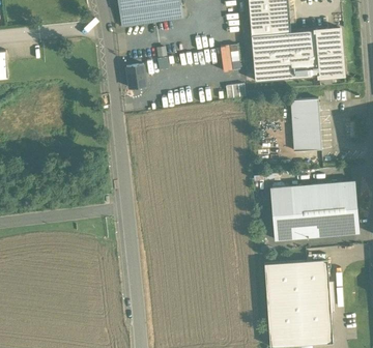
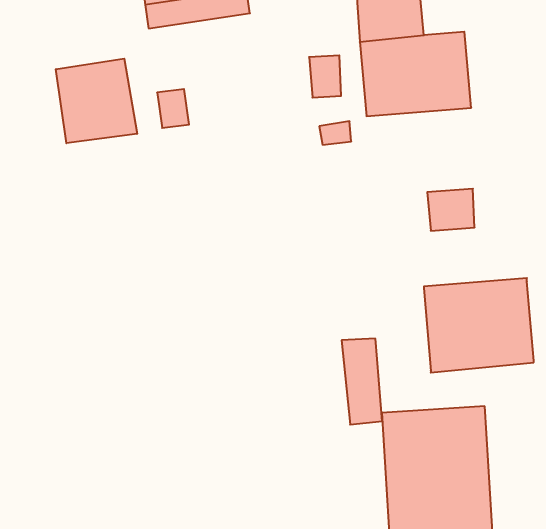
building: [315,27,343,76] -> none
building: none -> [56,59,137,143]
building: [291,98,320,127] -> none
building: [269,186,294,239] -> [342,339,382,425]

